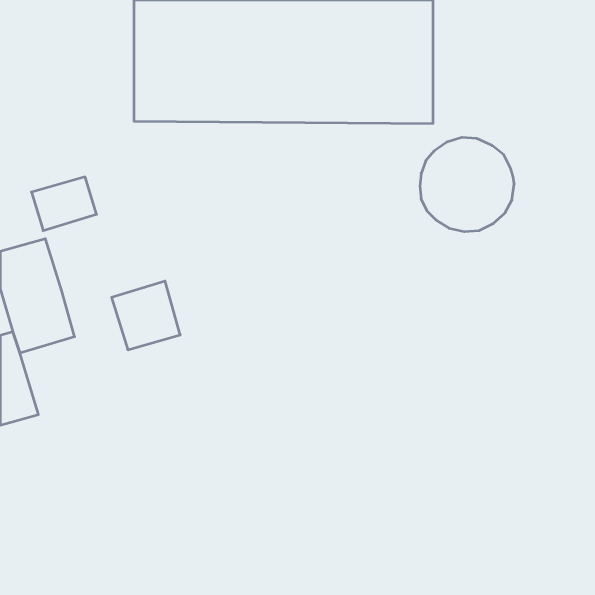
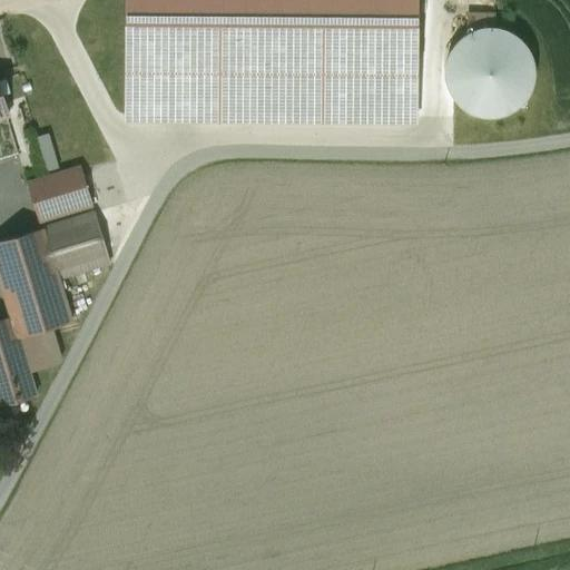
building: [420,137,514,232] -> [445,29,535,119]
building: [112,281,180,350] -> [43,213,109,278]

